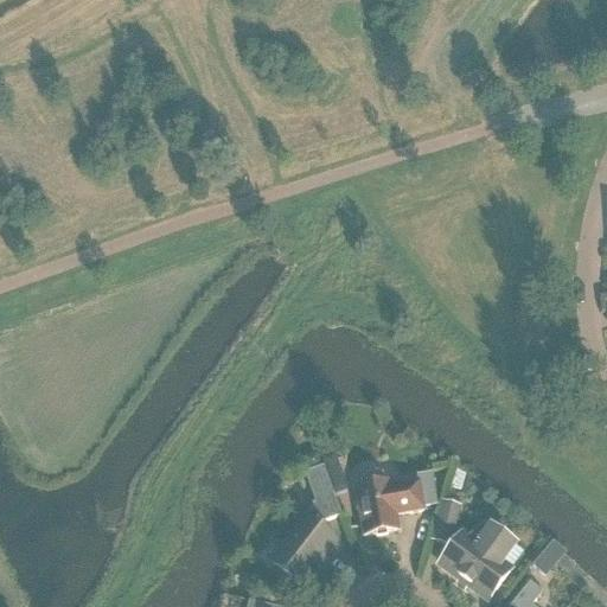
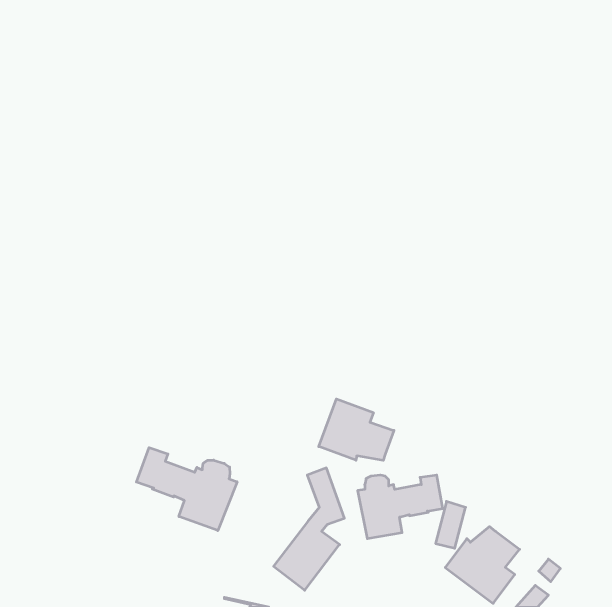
building: none -> [319,399,394,460]
building: none -> [136,448,237,531]

